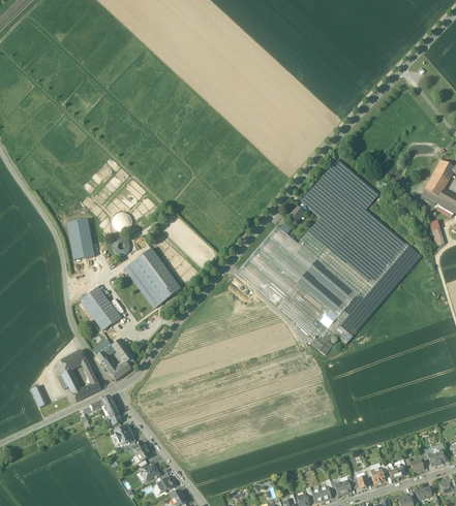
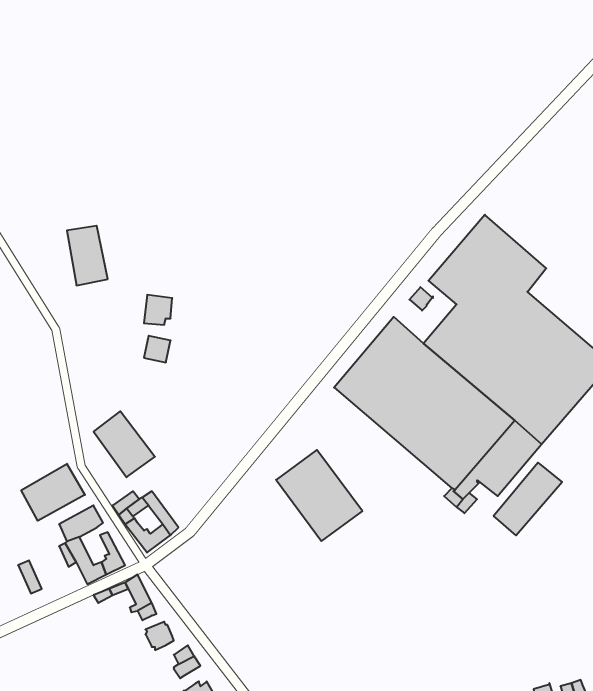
building: [67,220,94,259] -> [67,226,108,285]
building: [124,248,181,308] -> [276,450,362,541]
building: none -> [494,463,562,535]
building: none -> [21,464,85,521]

